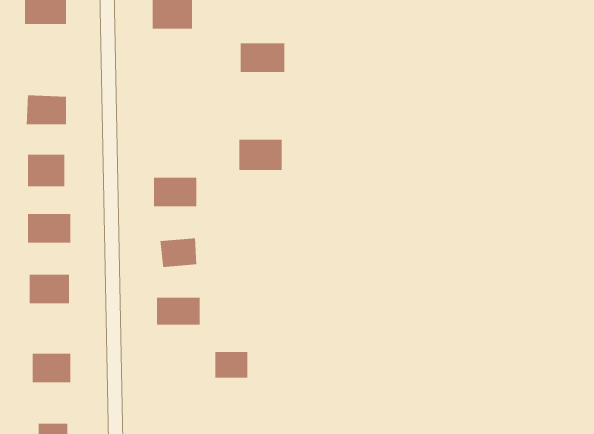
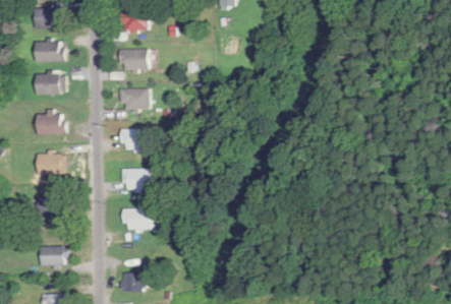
building: [240,43,285,73] -> [119,49,150,69]
building: none -> [35,40,62,61]
building: [239,139,283,171] -> [119,88,149,110]
building: [215,351,248,379] -> [121,272,144,291]

